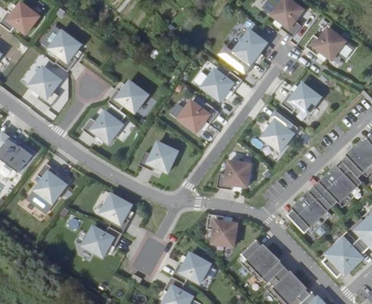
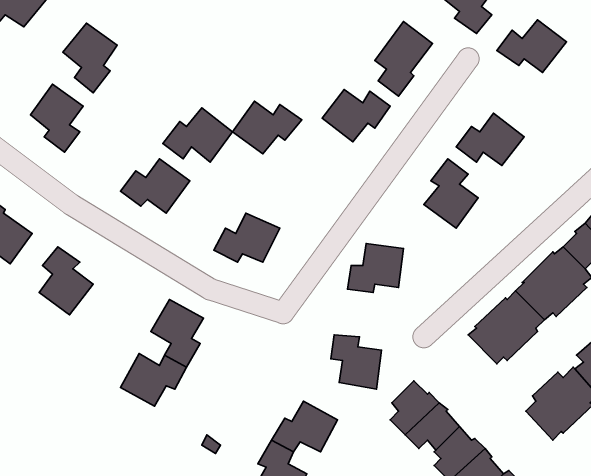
building: [178,100,219,131] -> [232,101,302,154]

